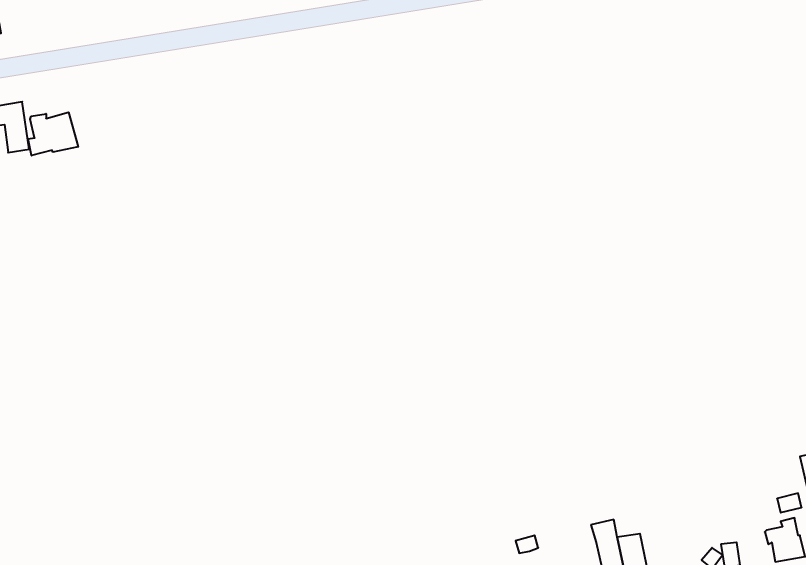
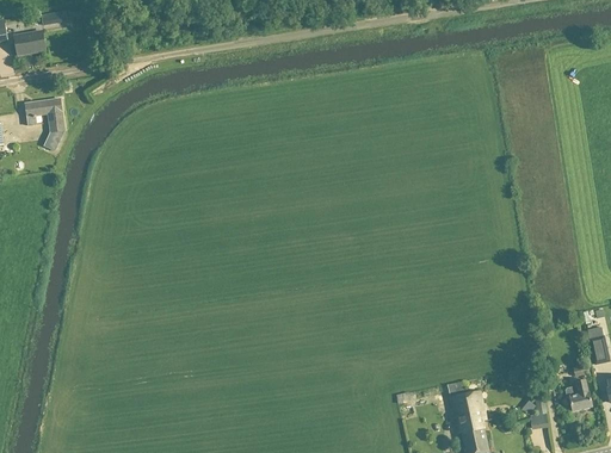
building: [28,112,78,156] -> none

